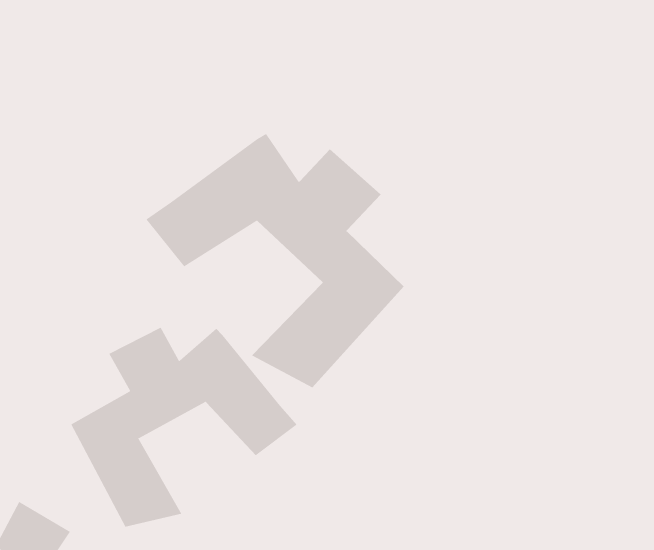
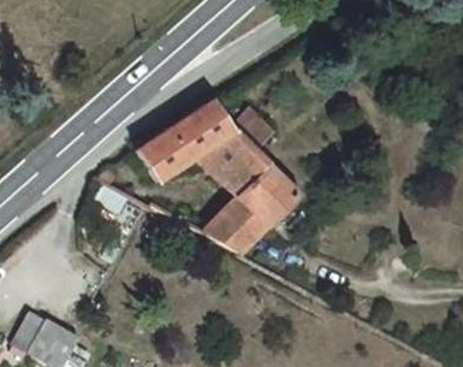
building: [71,327,297,528] -> none

